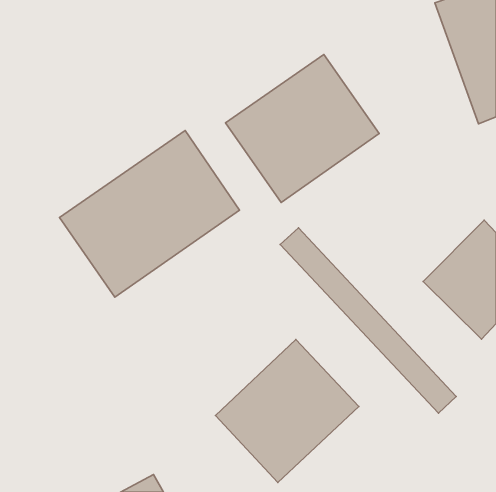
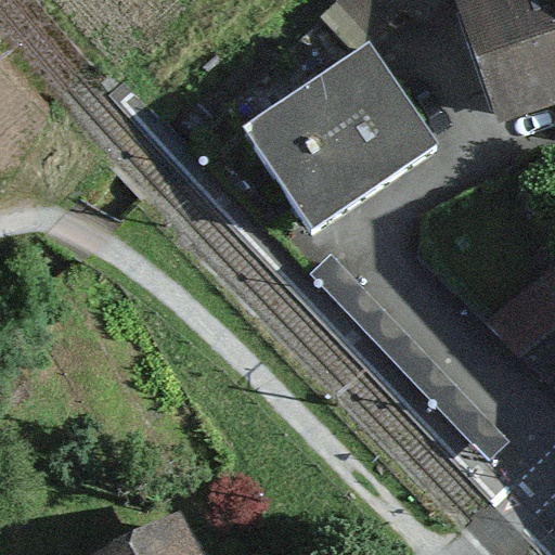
building: [60,131,240,297] -> none
building: [216,340,359,482] -> none

